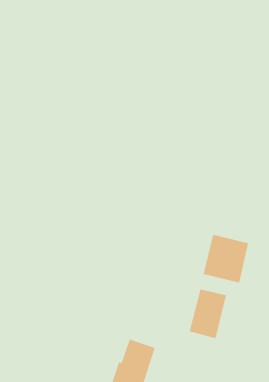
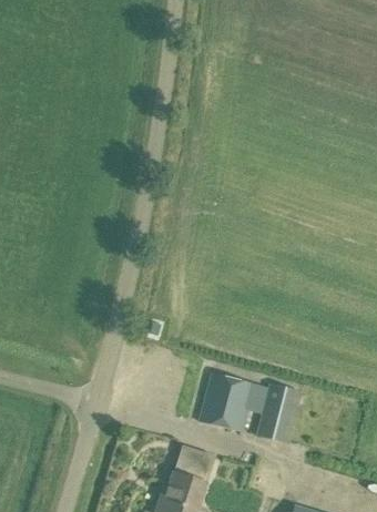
building: [203,234,249,283] -> [198,372,255,432]

